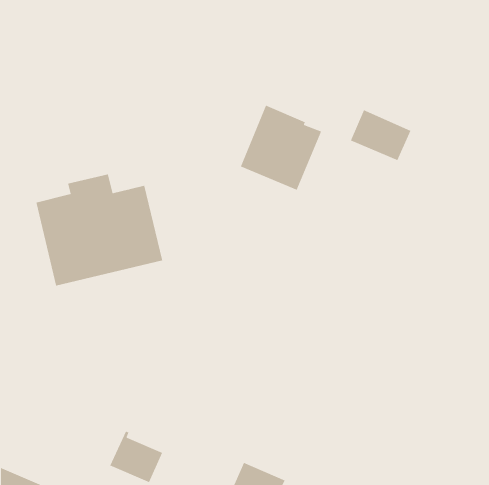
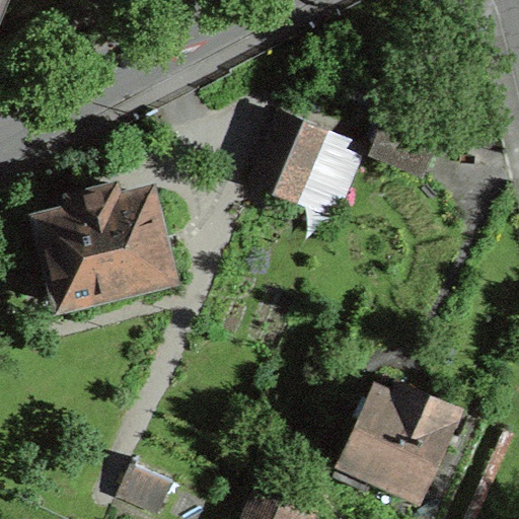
building: none -> [335,383,461,501]

